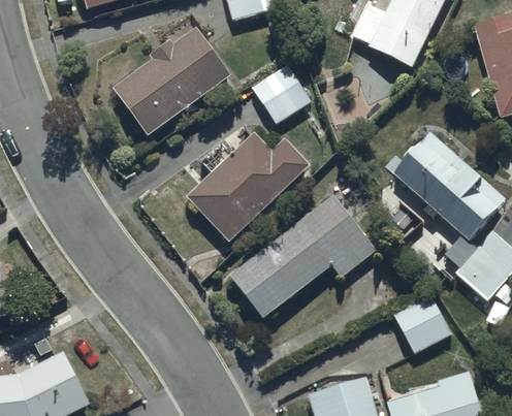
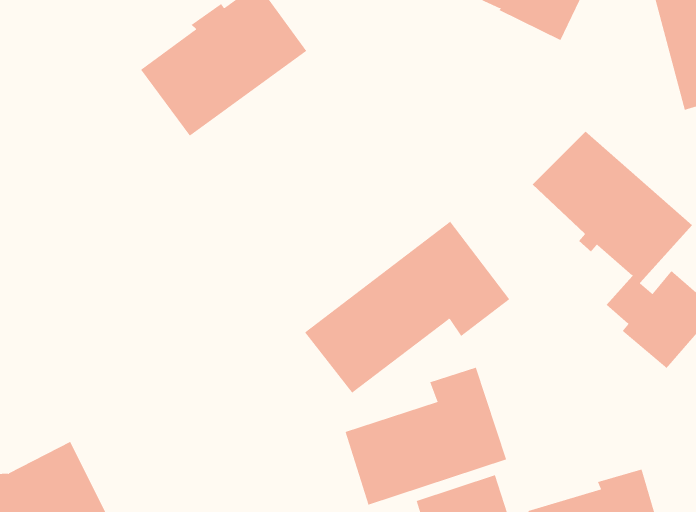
building: [252,65,311,125] -> none
building: [187,131,311,242] -> none
building: [393,295,451,354] -> none
building: none -> [345,367,507,505]

